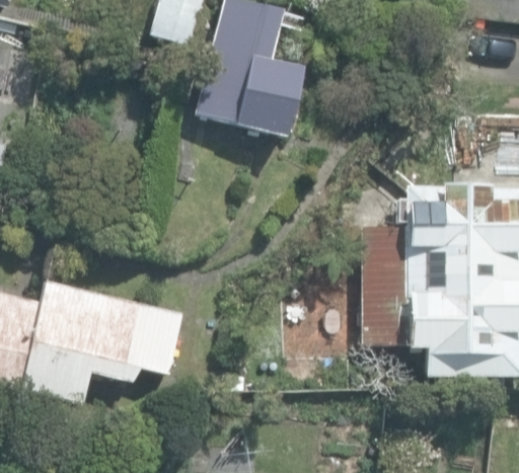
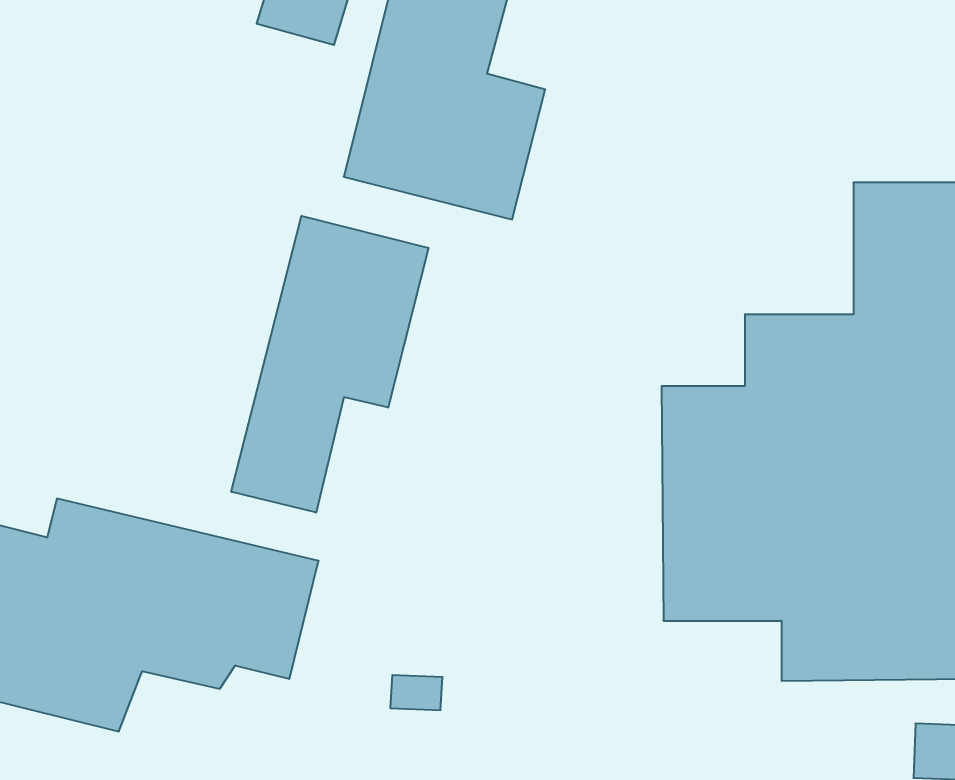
building: none -> [231,216,428,513]

